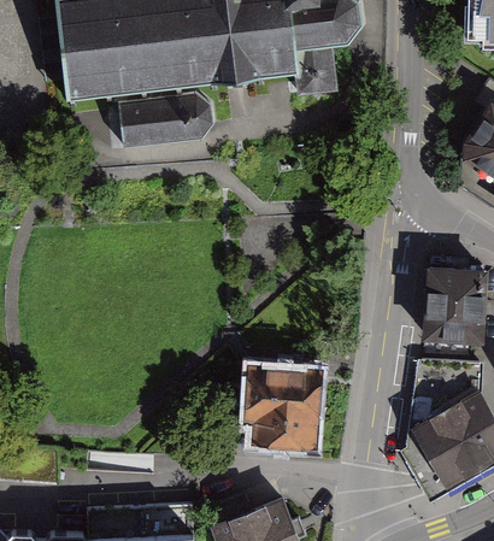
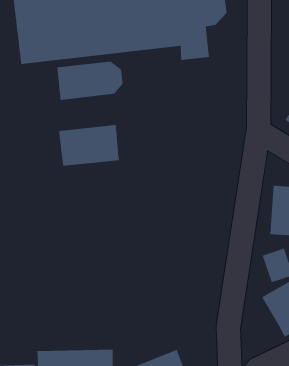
building: none -> [59,124,120,167]
building: [242,370,318,451] -> none

